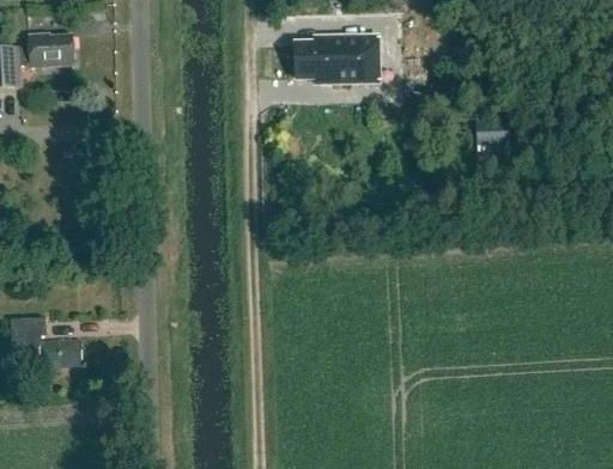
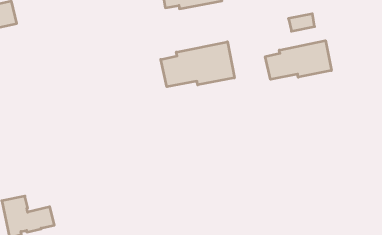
building: none -> [161,42,234,87]
building: none -> [265,41,331,79]

